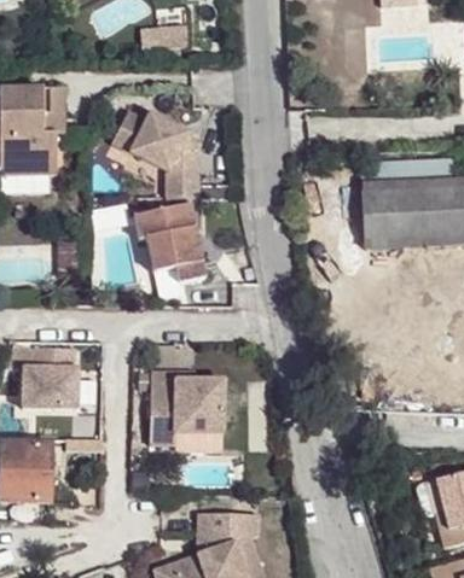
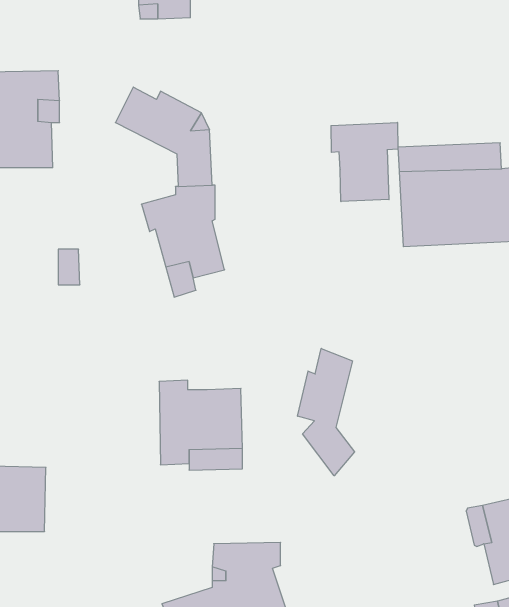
building: none -> [331,122,398,202]
building: none -> [298,348,355,476]
building: [29,340,83,401] -> none

